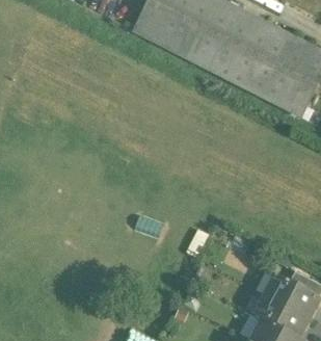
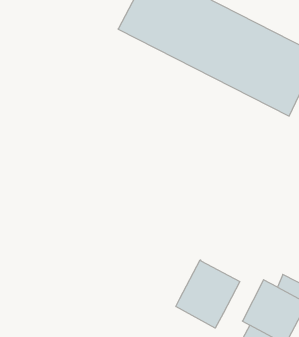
building: none -> [176,260,240,328]

